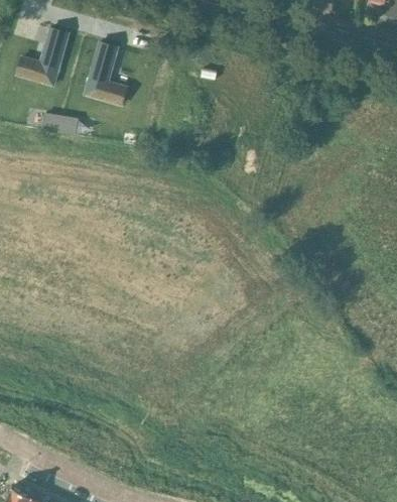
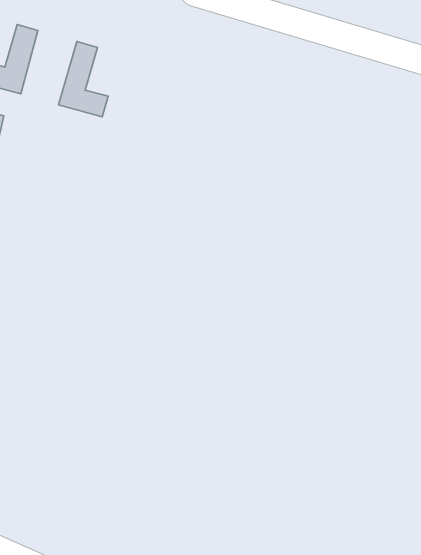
building: [42,113,78,134] -> none

